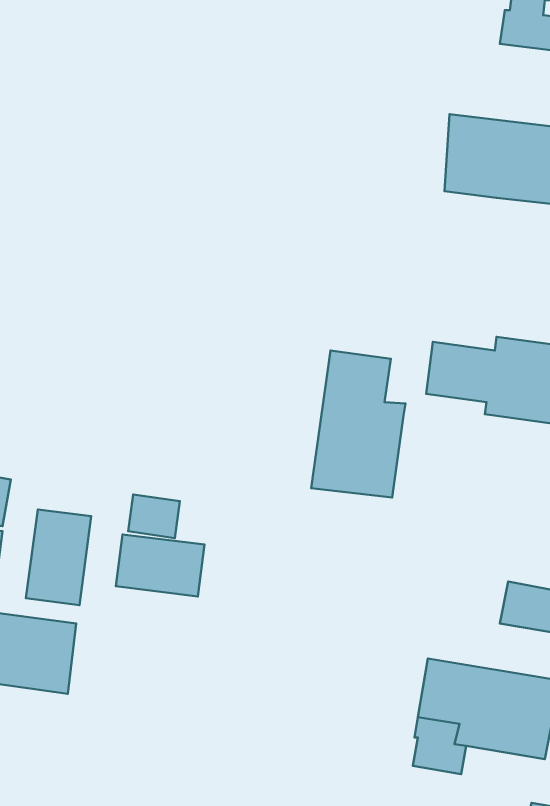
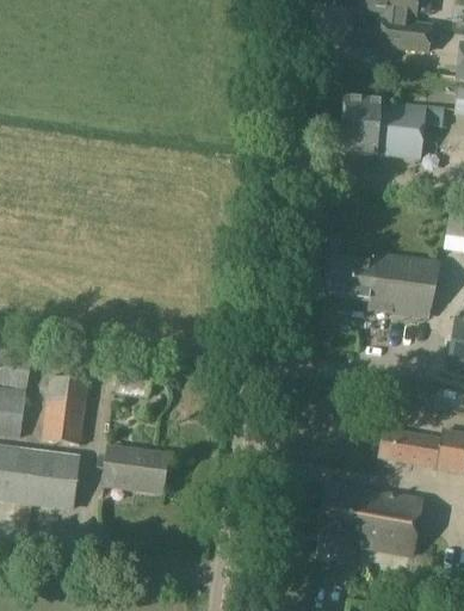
building: [311,351,405,497] -> none
building: [116,534,205,596] -> [104,446,167,490]

